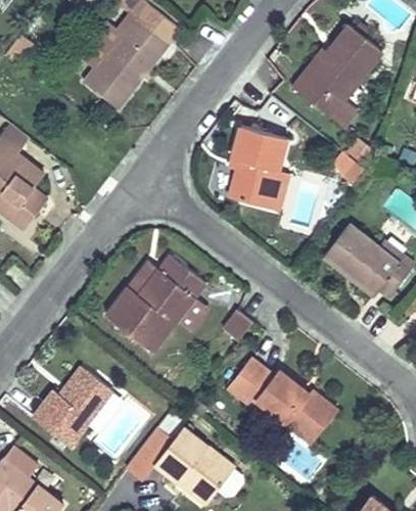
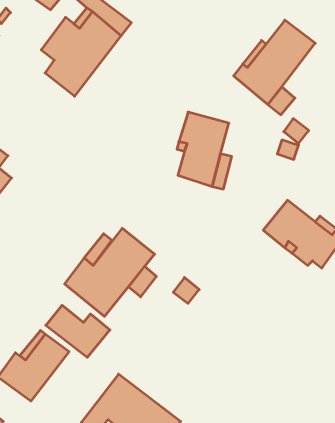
building: none -> [46,305,110,357]
building: [228,359,336,444] -> none

